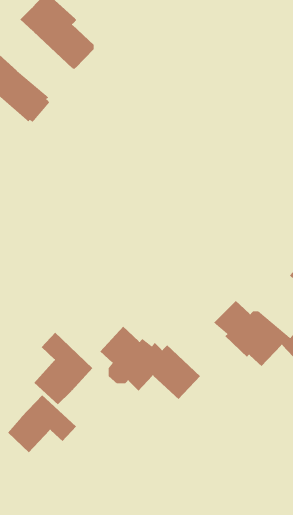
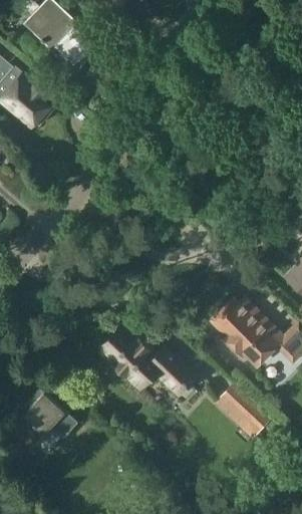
building: [33,332,93,405] -> none
building: none -> [214,384,272,435]

